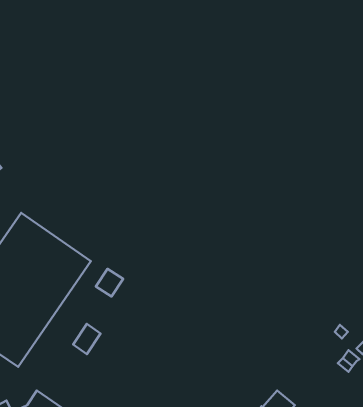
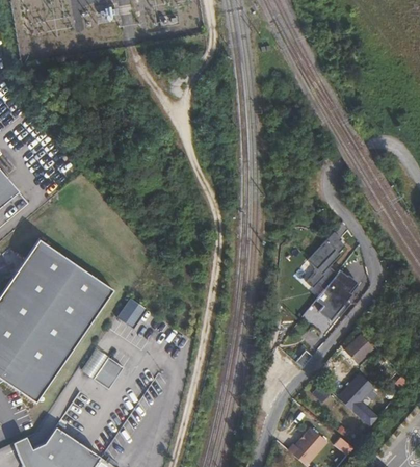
building: none -> [304,233,356,322]
building: none -> [344,333,372,363]
building: none -> [338,372,378,426]

